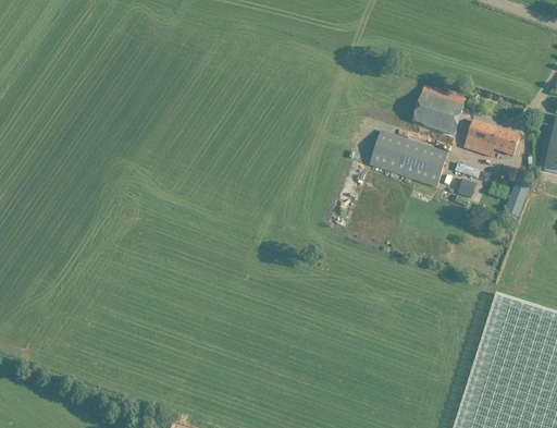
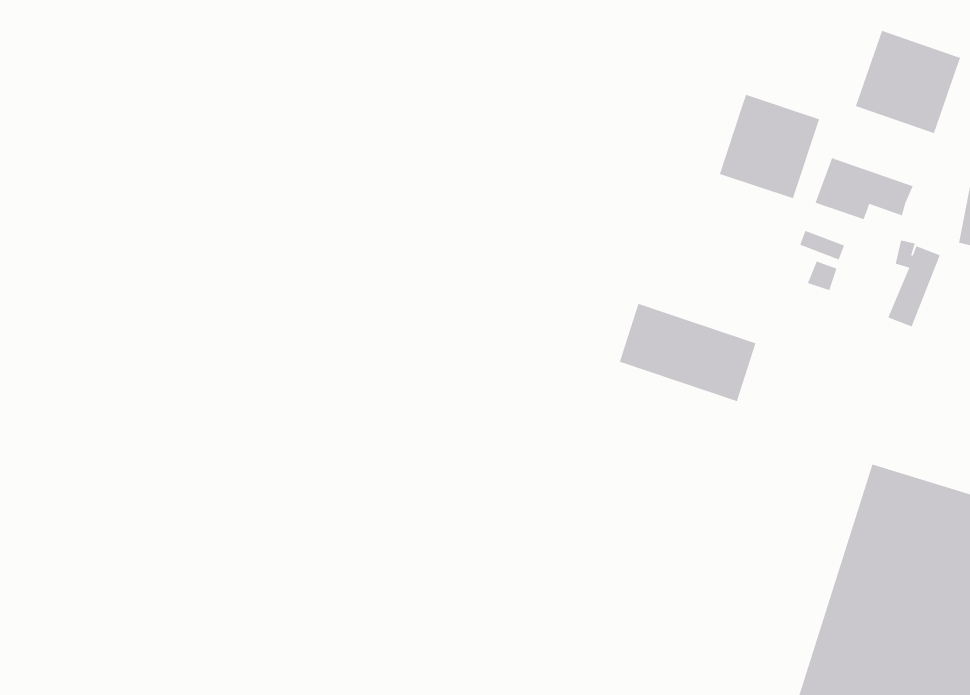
building: none -> [855,30,961,134]
building: [370,129,448,185] -> [619,303,757,402]

